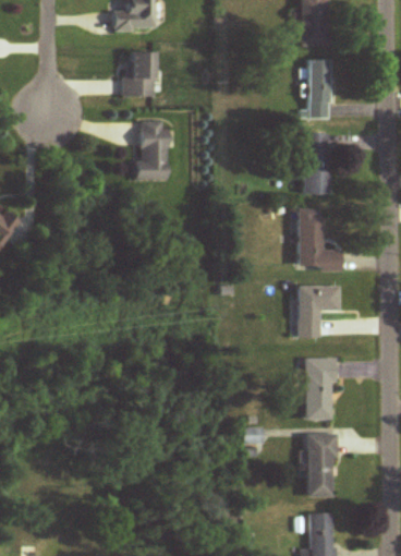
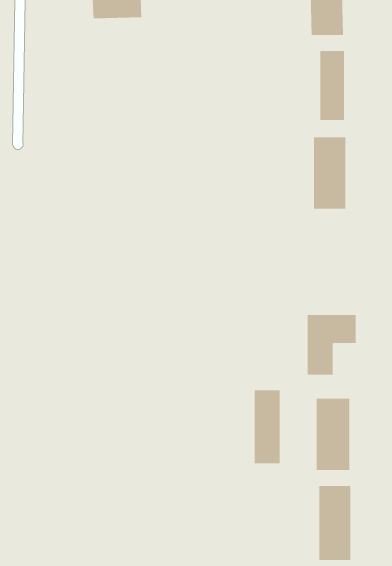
building: [121,51,154,96] -> none
building: [135,120,168,180] -> none
building: [296,209,340,268] -> none
building: none -> [254,389,280,464]

